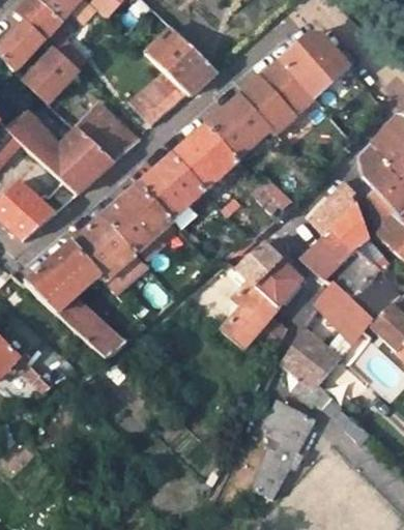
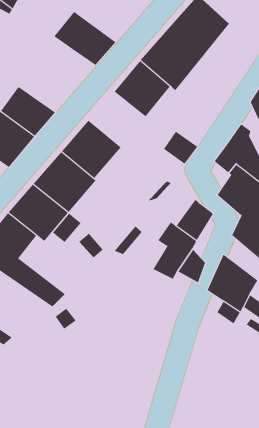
building: [133,70,187,123] -> none
building: [173,124,238,188] -> none
building: [237,238,283,285] -> none
building: [244,404,312,500] -> none

